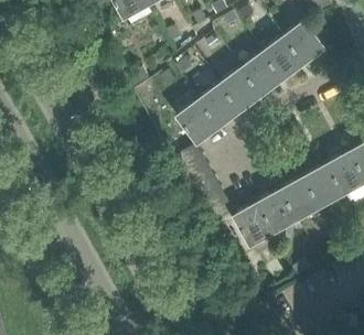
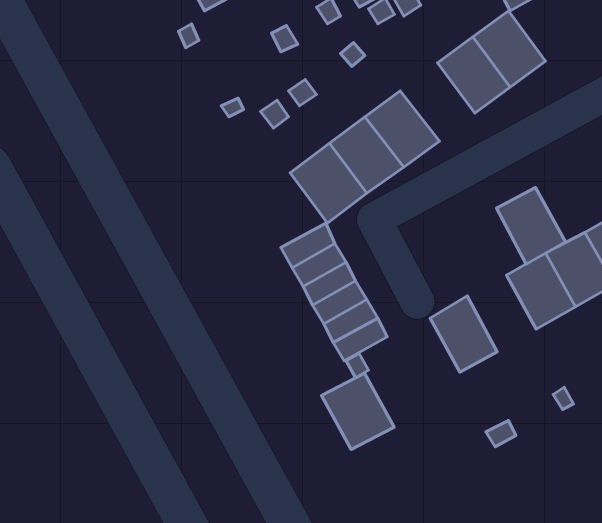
building: [239,51,283,97] -> none
building: [279,176,320,221] -> [496,188,565,264]
building: [232,202,275,247] -> [321,373,394,450]

